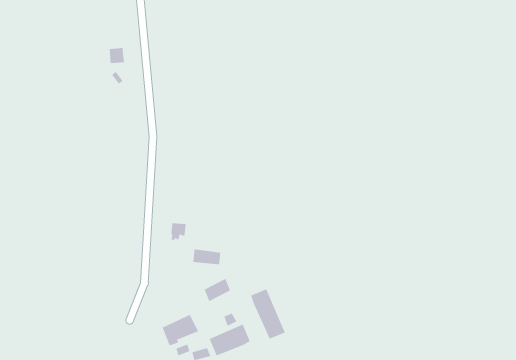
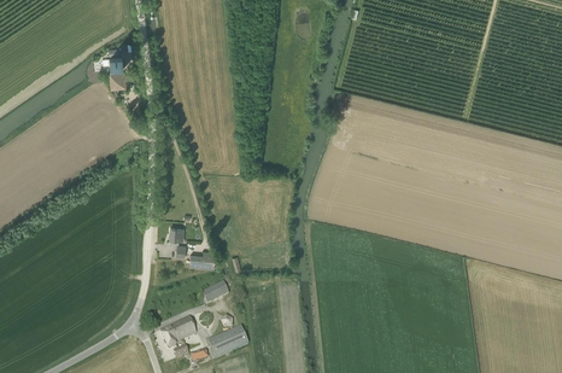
building: [251,288,286,340] -> none

